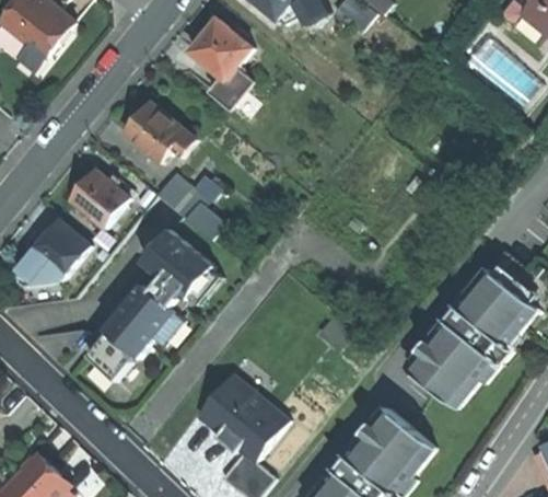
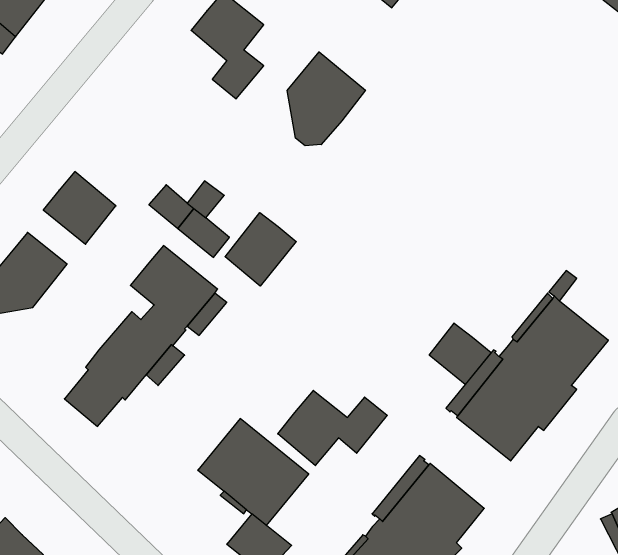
building: none -> [287,52,365,146]
building: [124,101,195,162] -> none
building: none -> [225,213,296,286]
building: none -> [429,323,491,385]
building: none -> [278,390,387,466]

